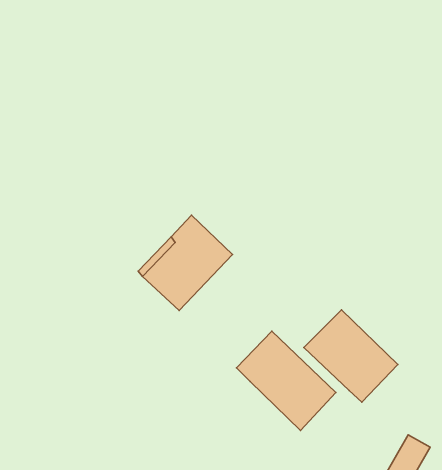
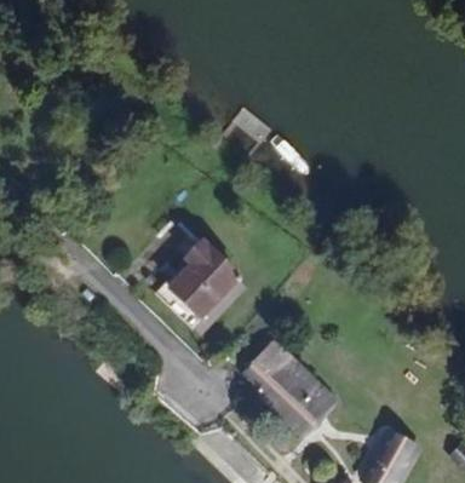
building: [304,310,398,402] -> none

